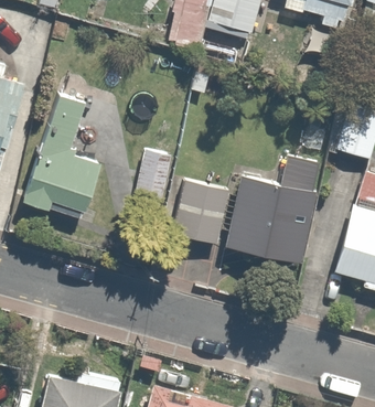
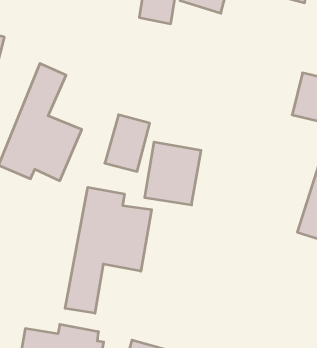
building: [223,157,320,263] -> none
building: none -> [65,187,152,313]

